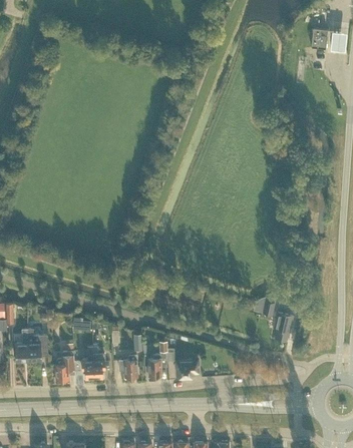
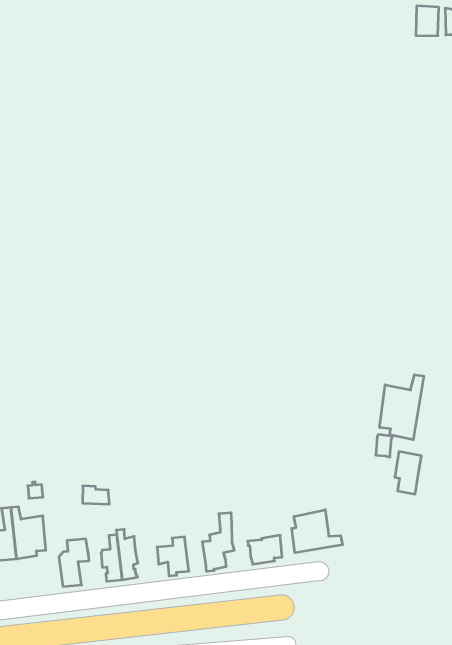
building: none -> [380,375,424,440]
building: none -> [292,510,342,553]

